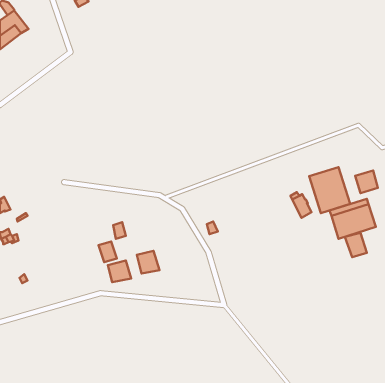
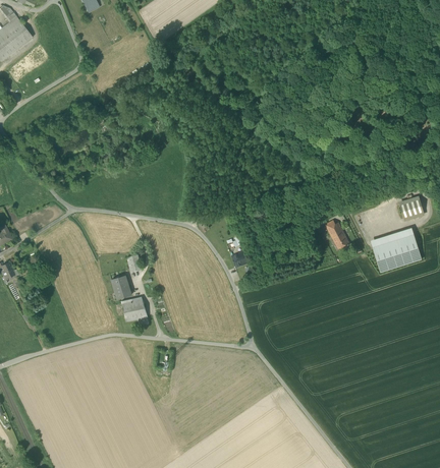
building: [309,167,350,213] -> none
building: [345,233,367,257] -> none
building: [137,251,159,274] -> none

